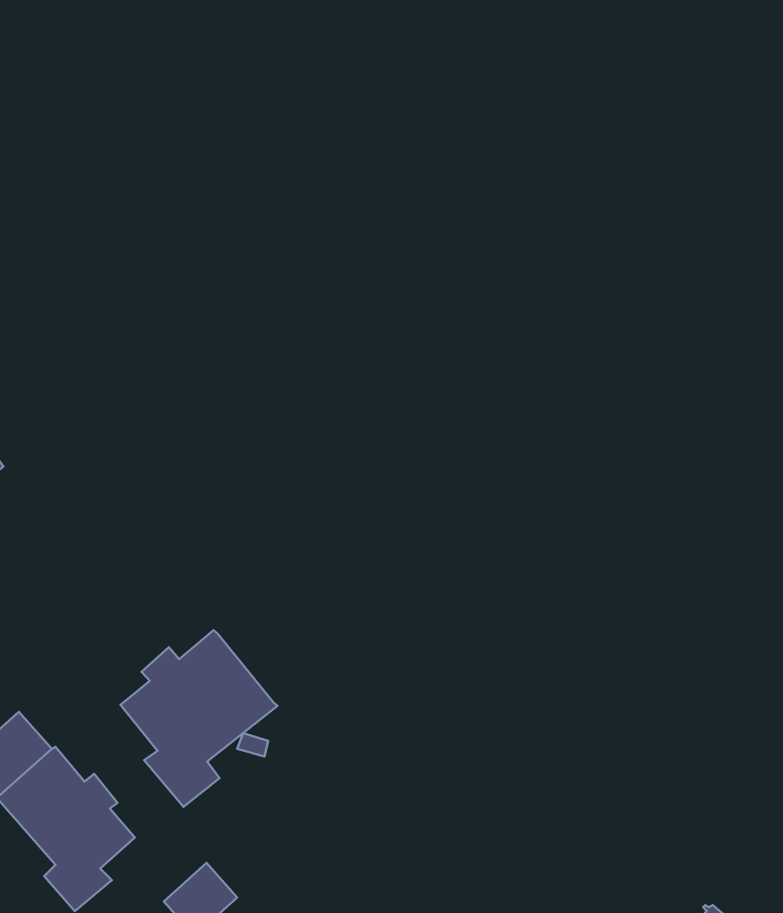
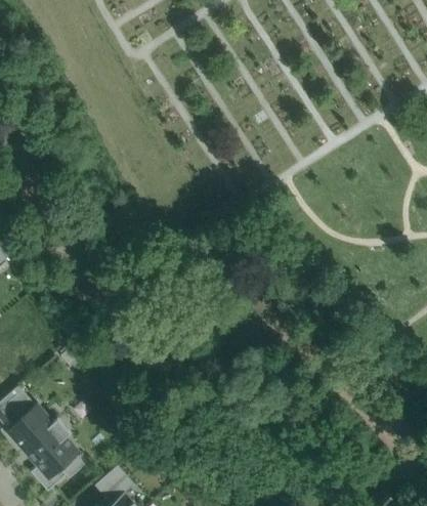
building: [120,630,278,807] -> none

